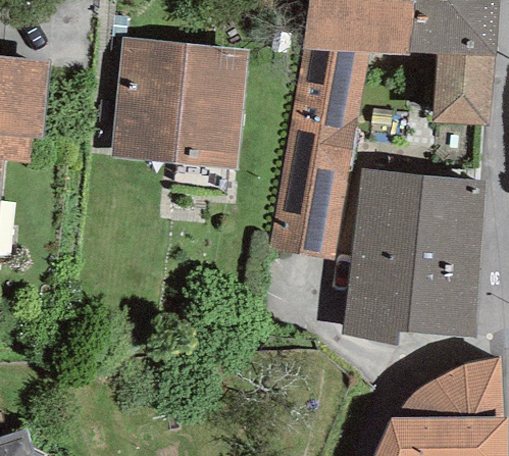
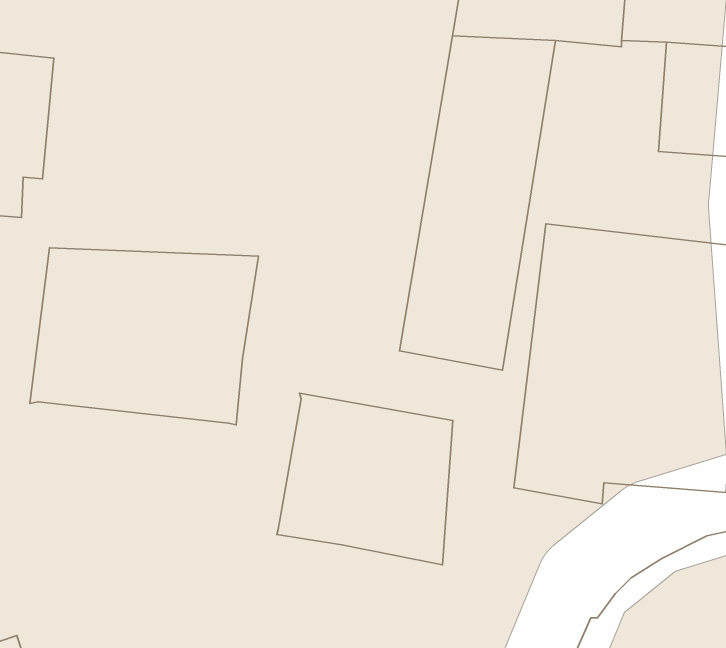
building: [110,37,246,168] -> none
building: none -> [30,248,259,425]
building: none -> [277,393,453,565]

